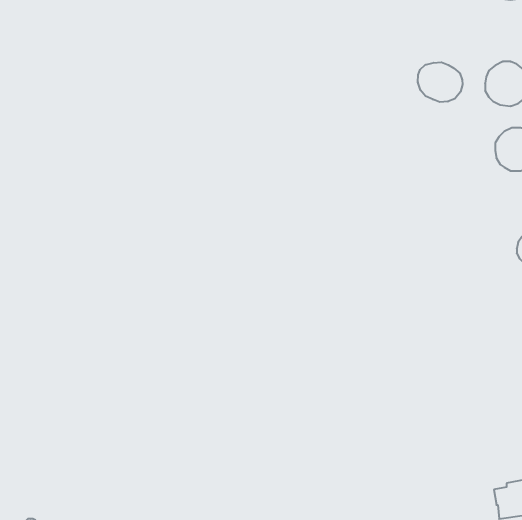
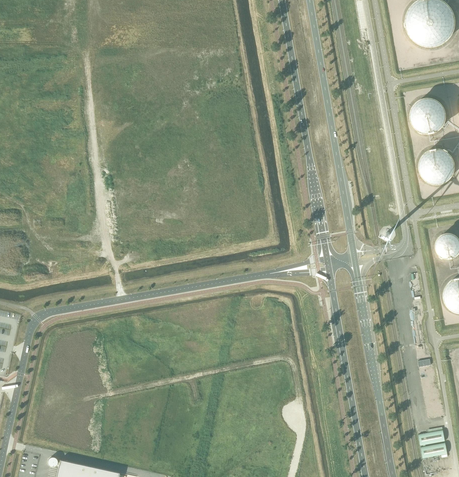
building: [418,62,463,102] -> none

